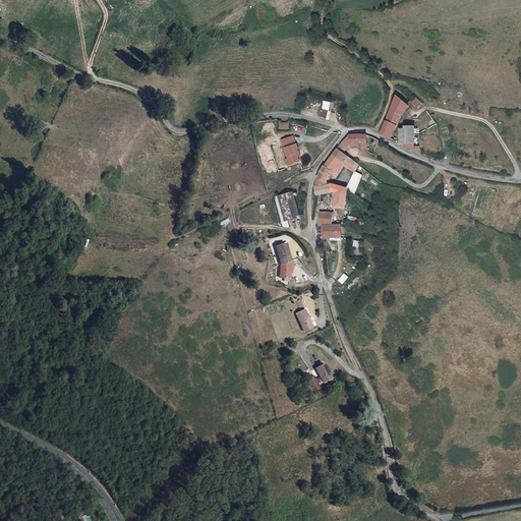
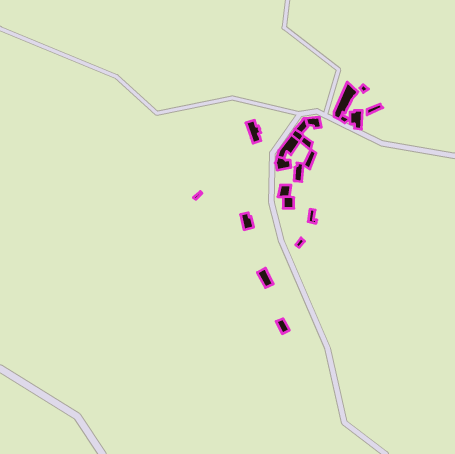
building: [276,190,300,224] -> none

